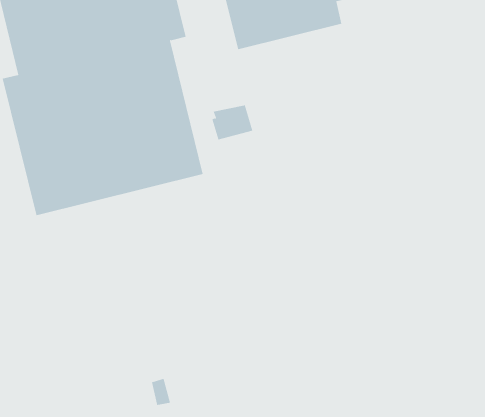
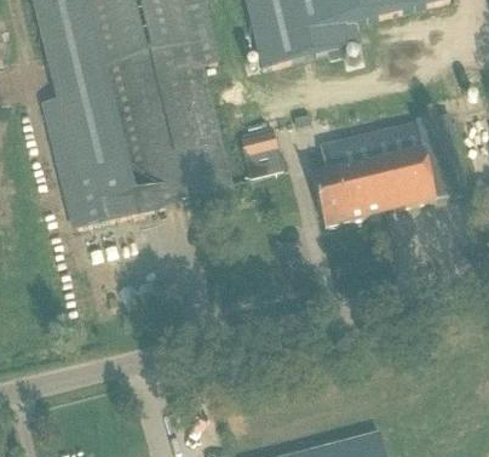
building: none -> [305,112,461,225]

